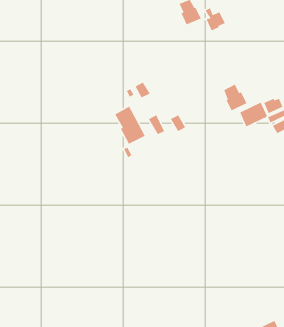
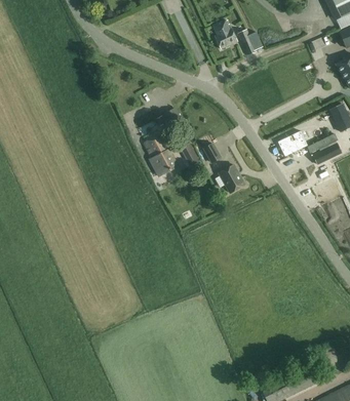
building: [223,84,248,112] -> none
building: none -> [219,164,244,192]

